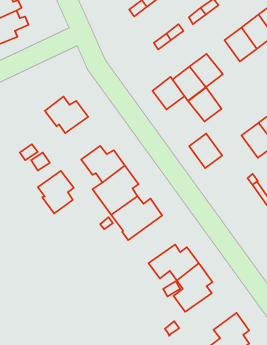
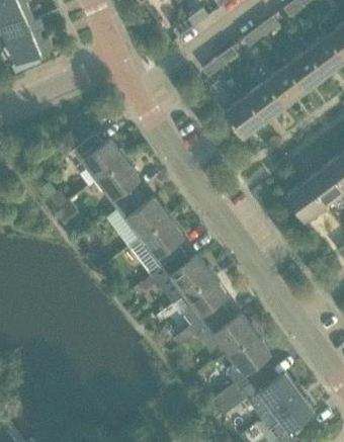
building: [152,77,184,109] -> none
building: [188,87,221,122] -> [264,66,304,106]
building: [189,133,222,168] -> [285,179,325,220]
building: [38,171,74,213] -> [96,157,139,207]
building: none -> [171,274,227,344]
building: none -> [239,366,299,410]

